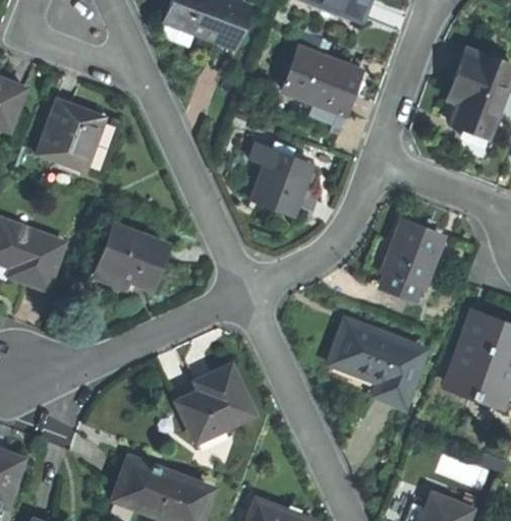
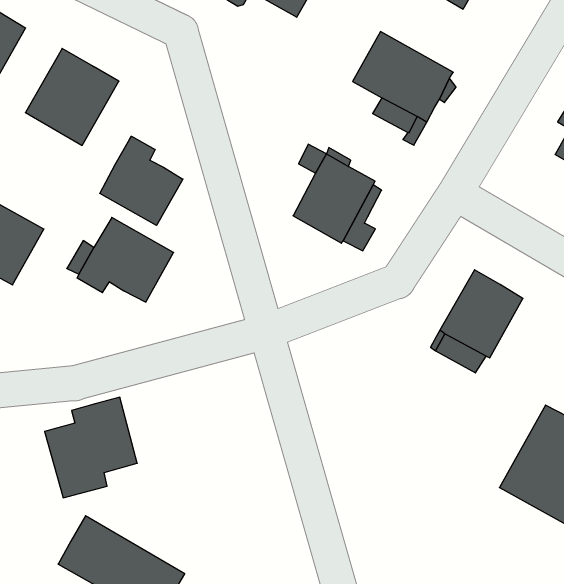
building: none -> [100,136,183,225]
building: [329,322,423,405] -> none
building: [179,364,254,449] -> [45,397,137,498]

